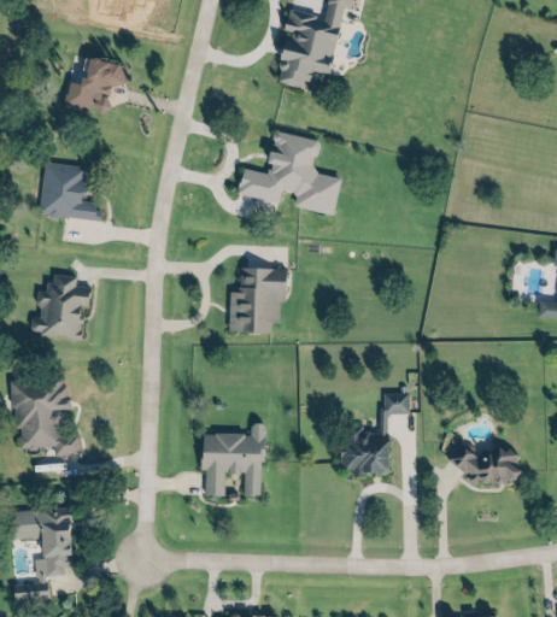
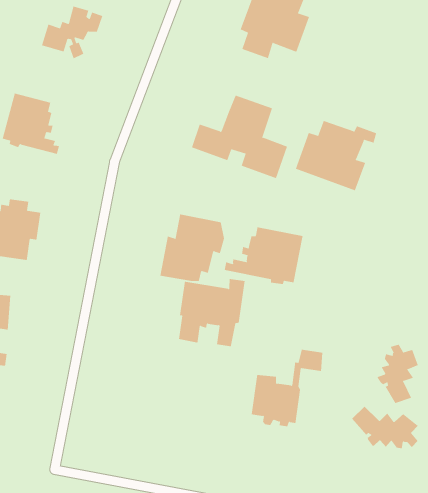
building: none -> [295,120,377,191]
building: none -> [224,226,303,285]
building: none -> [377,344,419,404]
building: [199,425,264,499] -> [178,278,246,347]

